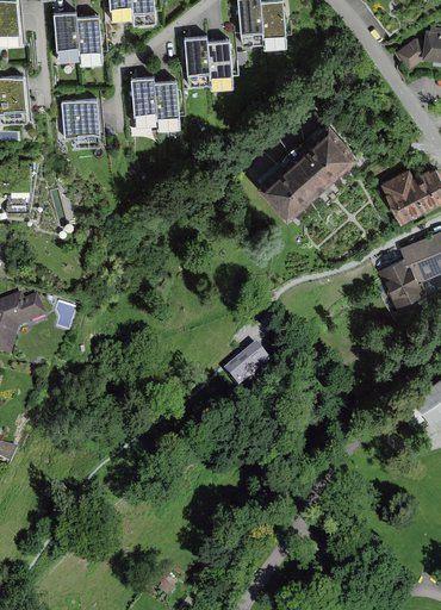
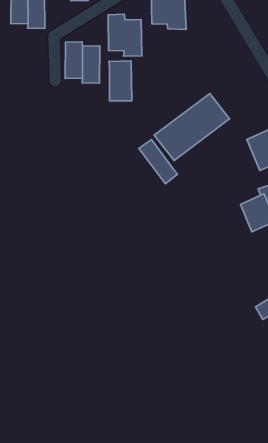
building: none -> [109,61,132,101]
building: [61,98,100,137] -> none
building: none -> [139,140,178,184]
building: [232,346,271,384] -> none

